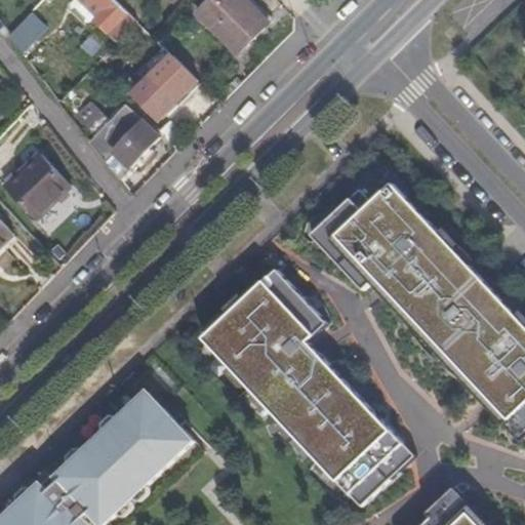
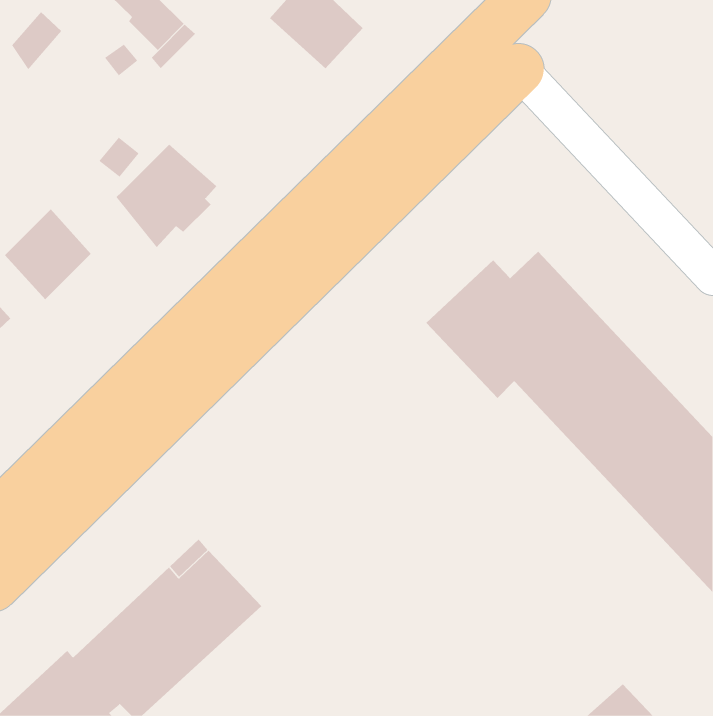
building: [133,52,195,115] -> none
building: [202,270,415,508] -> none

